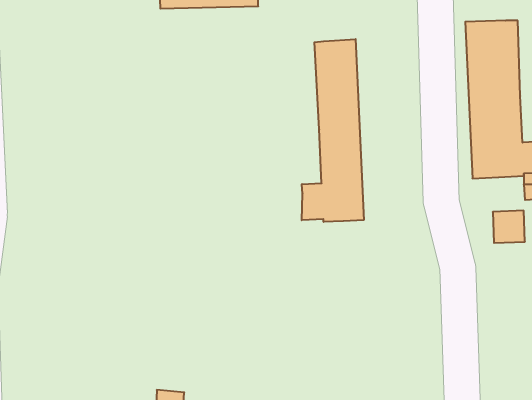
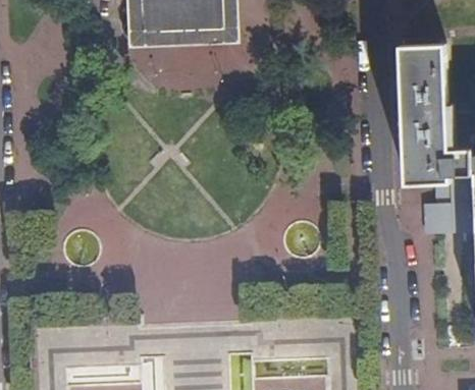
building: [302,39,364,222] -> none

